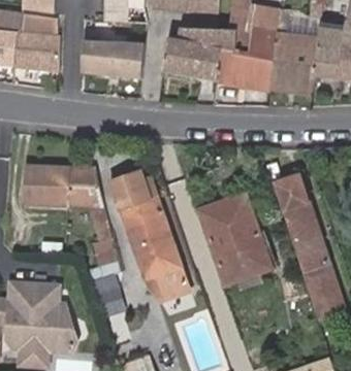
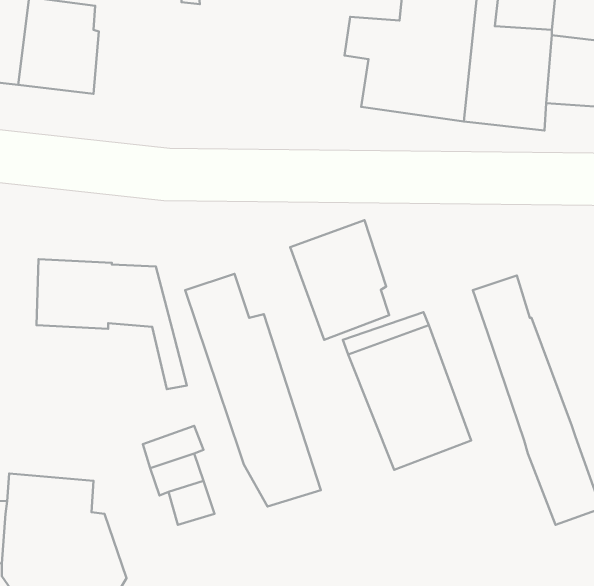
building: [164,24,214,78] -> none
building: [82,35,140,79] -> none
building: none -> [290,220,389,340]

